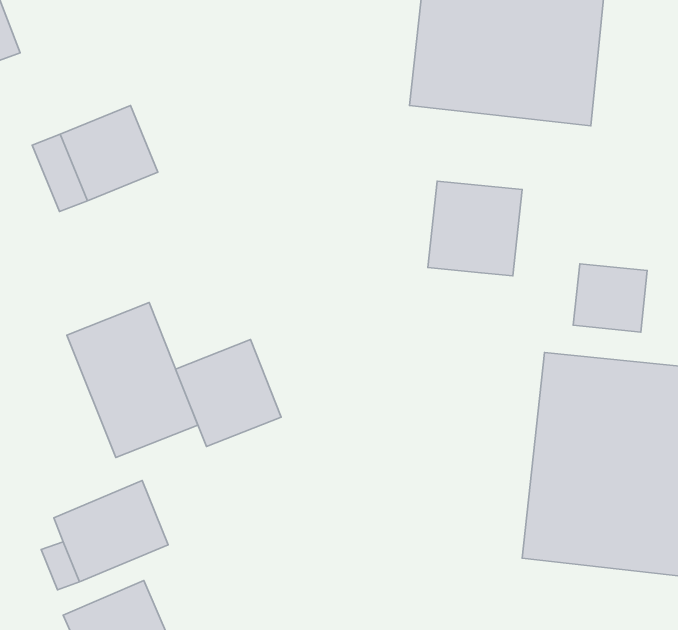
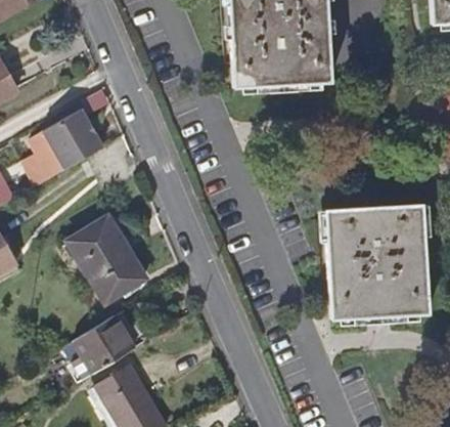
building: [428,181,522,276] -> none
building: [573,264,647,332] -> none
building: [176,340,281,447] -> none

